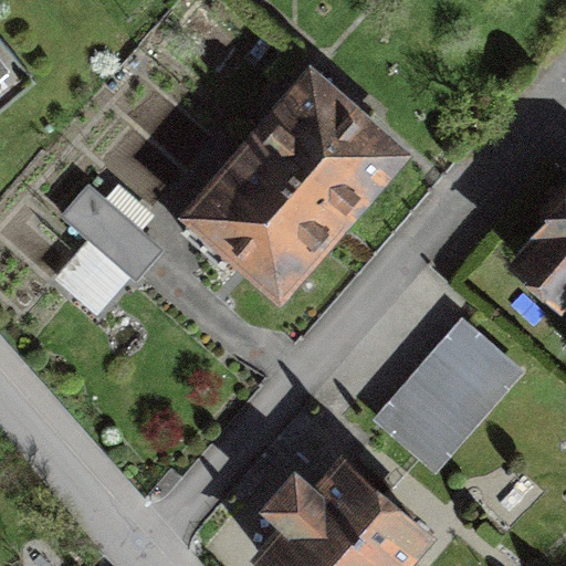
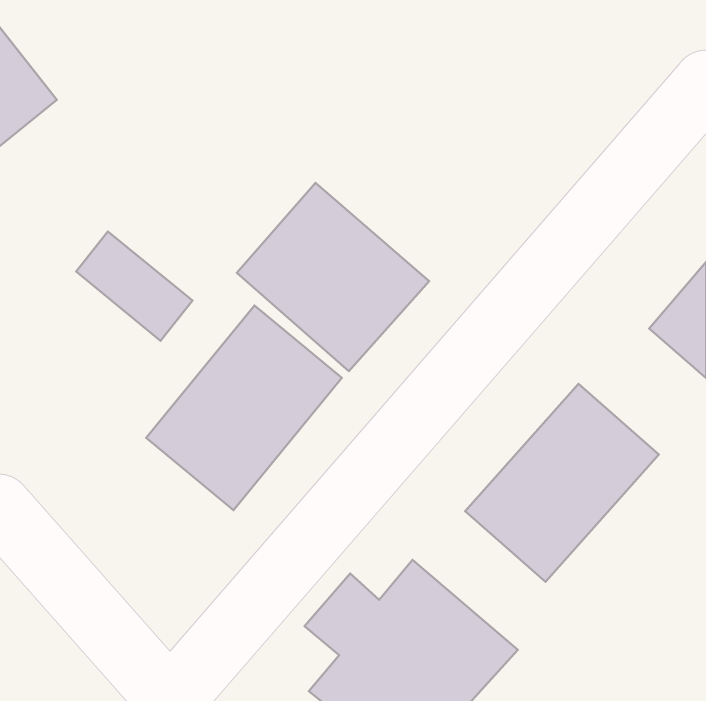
building: [252,81,406,230] -> none
building: none -> [146,305,342,510]

